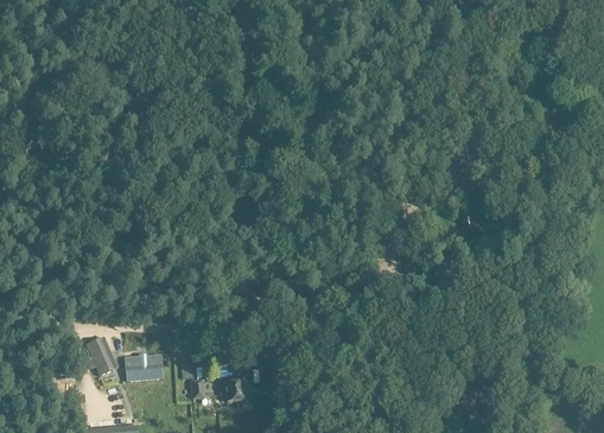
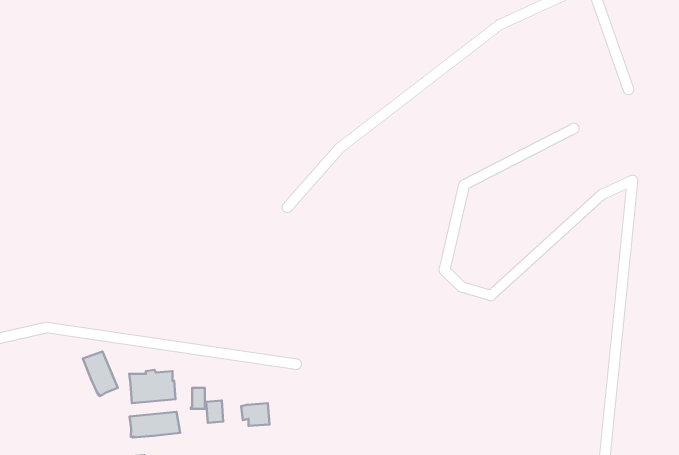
building: none -> [129,412,180,437]

